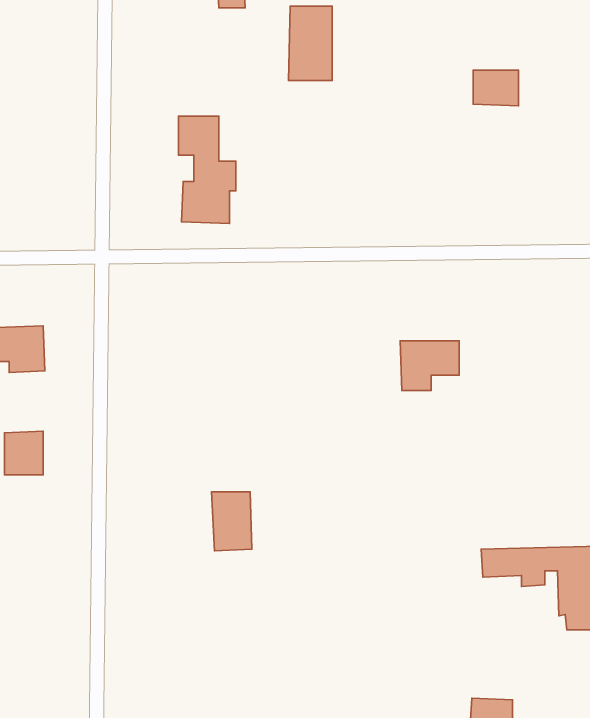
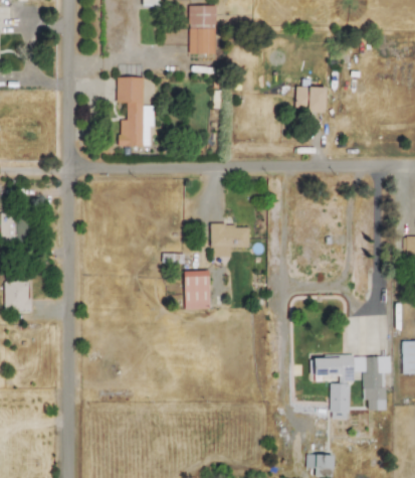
building: [473,70,518,106] -> [296,88,326,111]
building: [400,341,459,391] -> [211,225,249,258]
building: [211,492,252,551] -> [184,272,210,310]
building: none -> [330,383,350,413]

